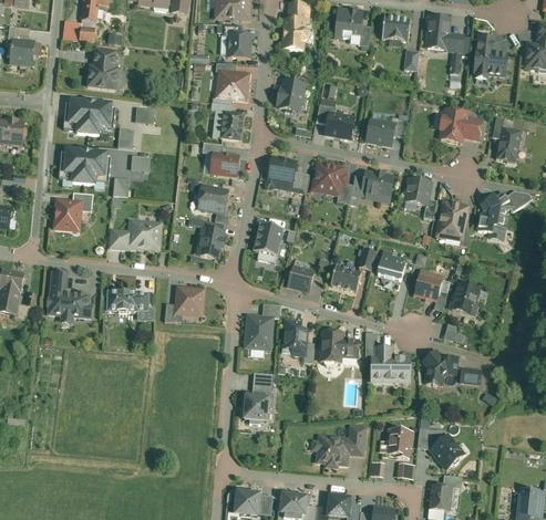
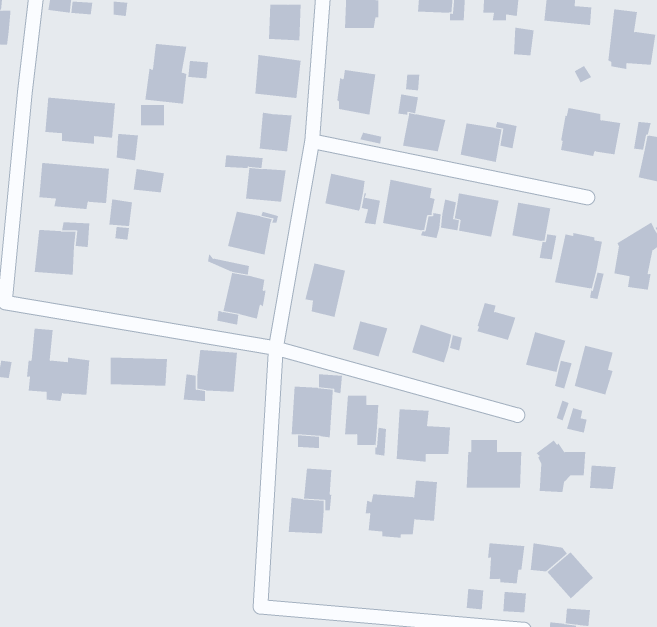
building: [91,43,122,87] -> [144,43,187,104]
building: [112,217,166,249] -> none
building: [311,423,364,465] -> [365,480,438,538]

